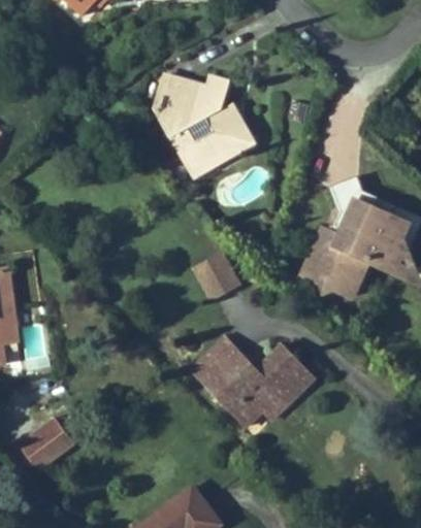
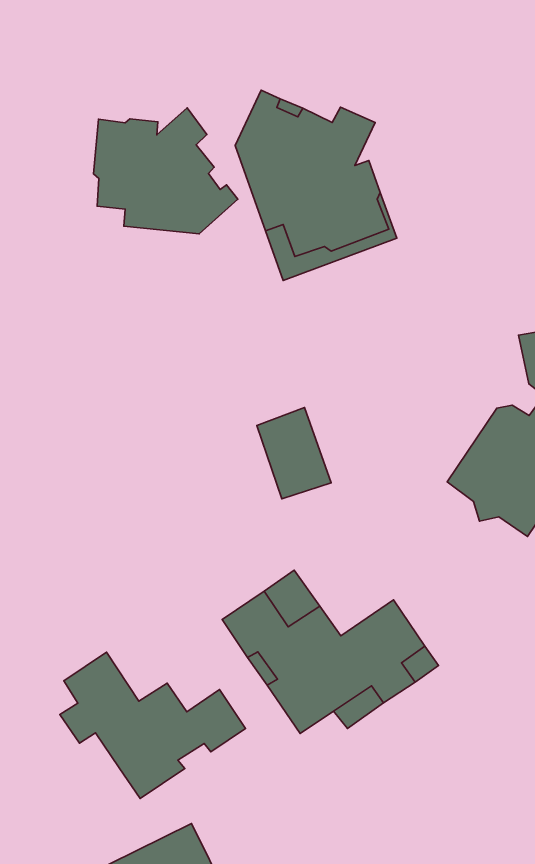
building: none -> [93,108,238,234]
building: none -> [60,652,246,798]

